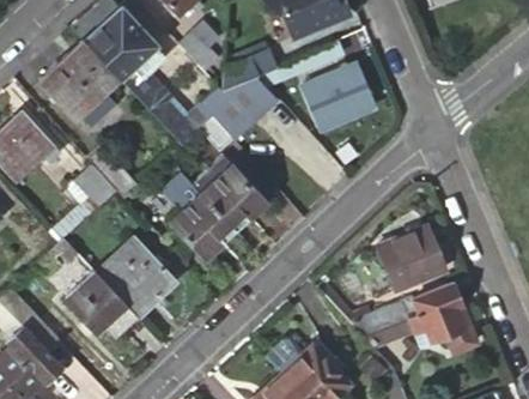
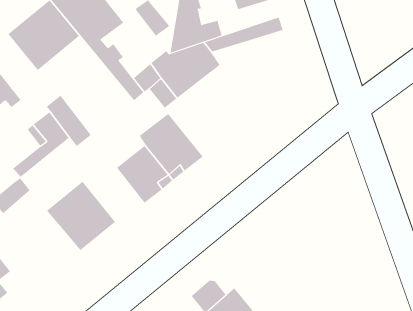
building: [303,65,377,129] -> none
building: [375,226,444,294] -> none
building: [66,271,138,338] -> none
building: [349,284,468,341] -> none

